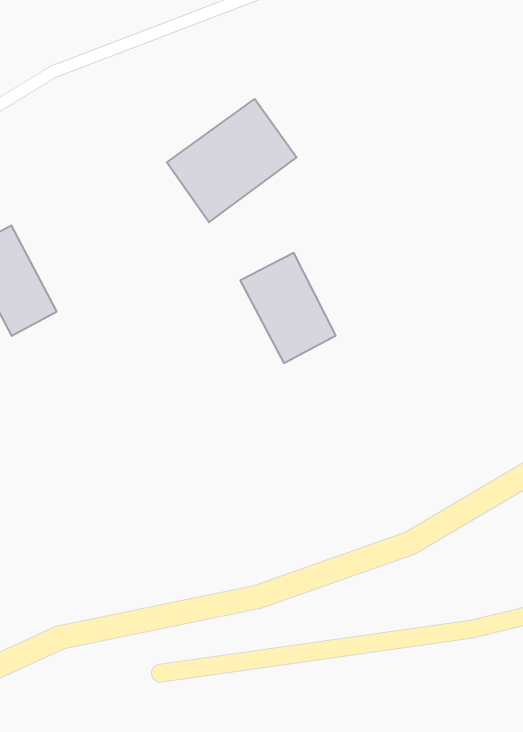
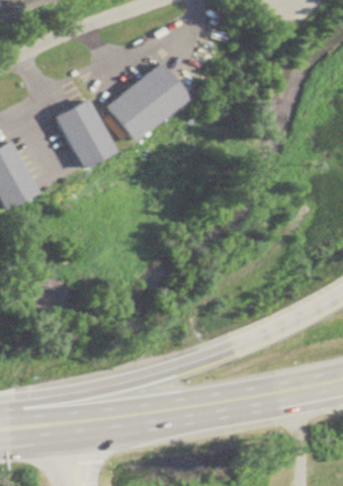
building: [240,253,336,363] -> [58,103,117,172]

